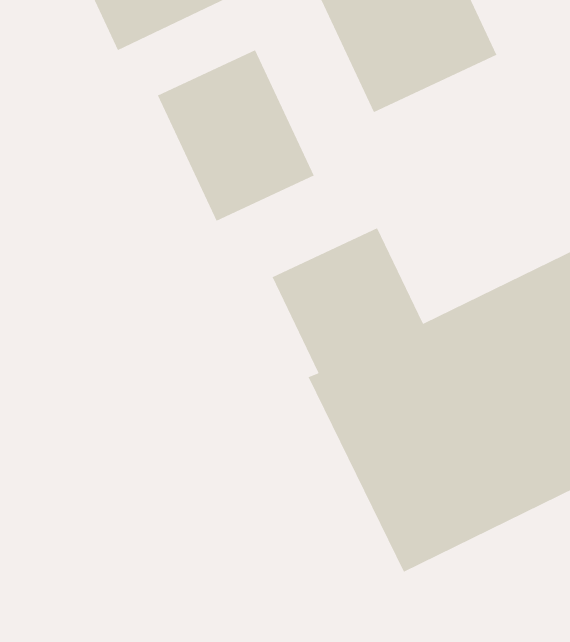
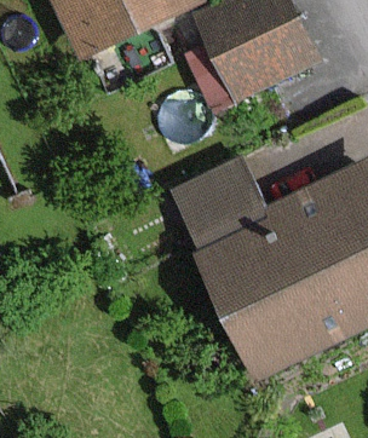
building: [157,49,315,222] -> none

